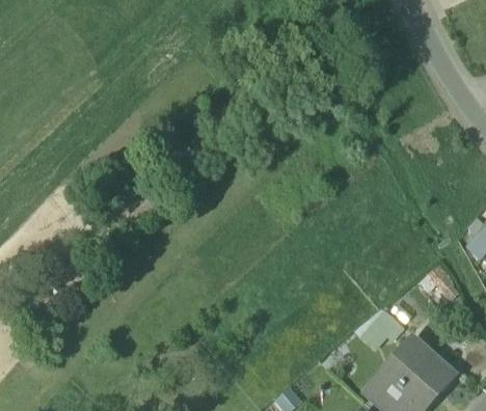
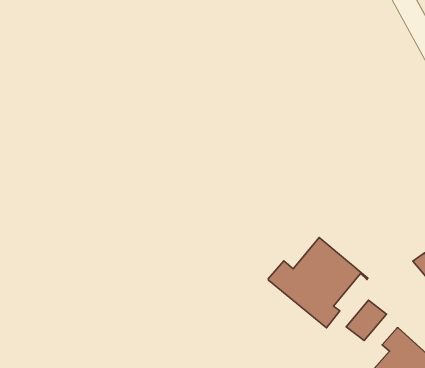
building: none -> [268,238,368,328]

